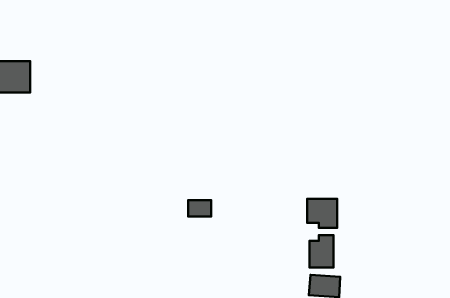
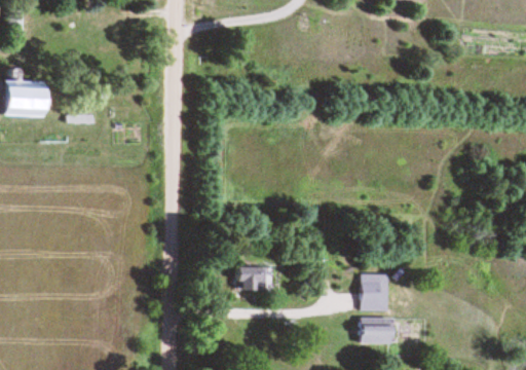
building: [307,199,337,228] -> none
building: [188,200,211,217] -> [238,270,264,289]

